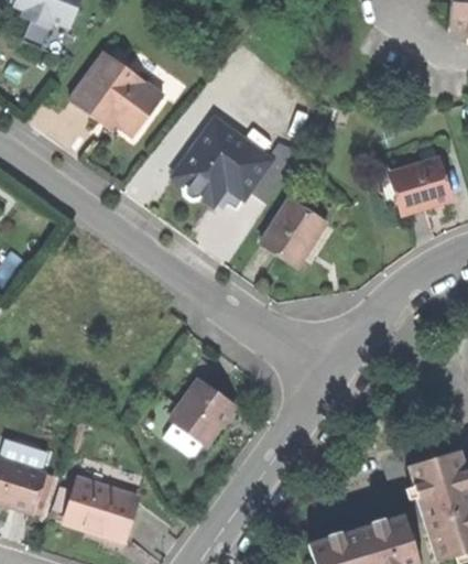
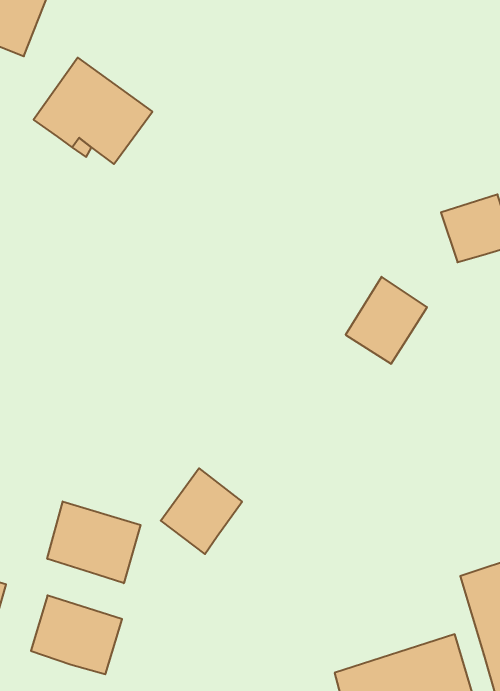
building: [176,121,294,200] -> none
building: [260,199,325,269] -> [346,277,427,364]
building: none -> [47,501,141,583]

